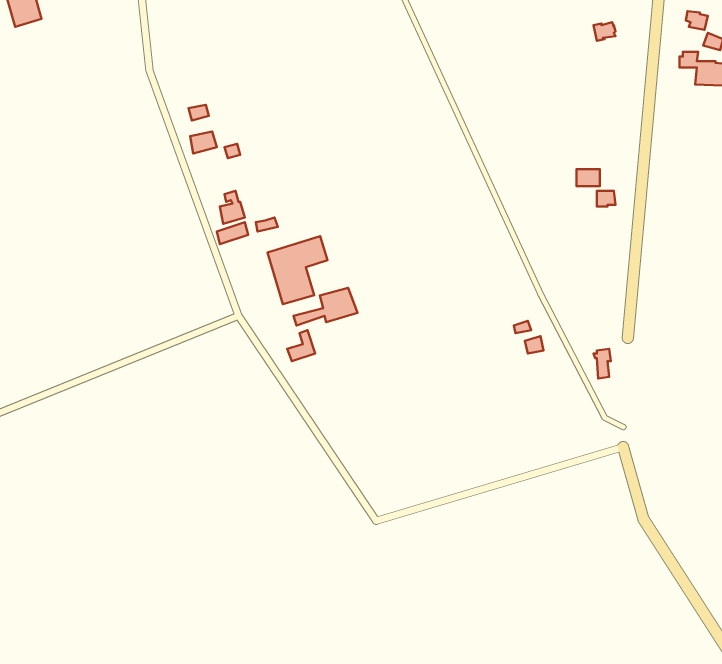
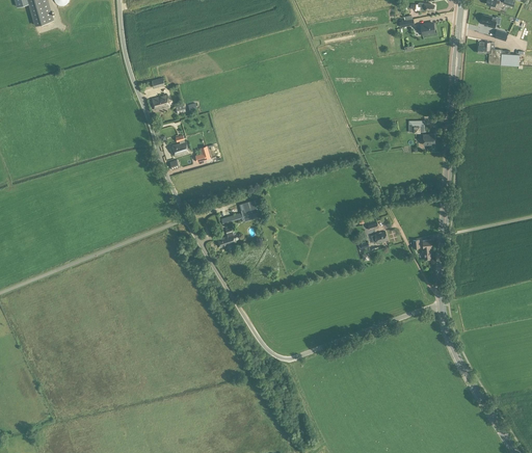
building: [267,236,328,304] -> none

